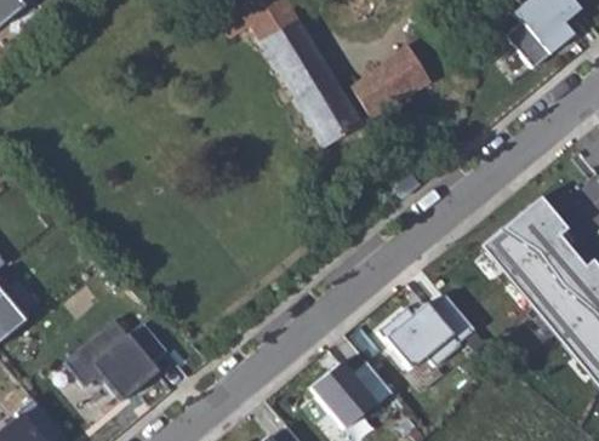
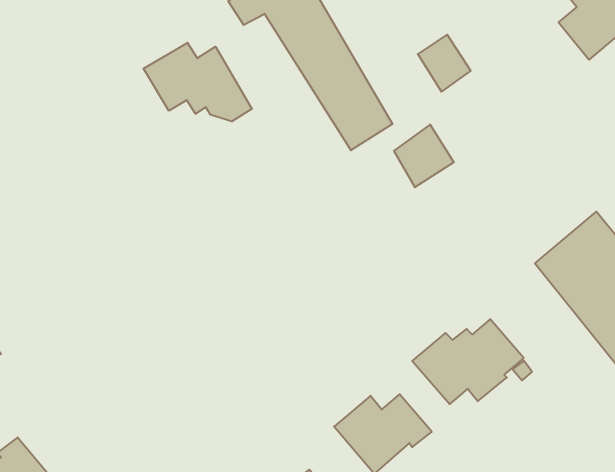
building: none -> [143,43,252,121]
building: [352,63,404,118] -> [394,124,454,187]
building: [65,317,160,399] -> none

